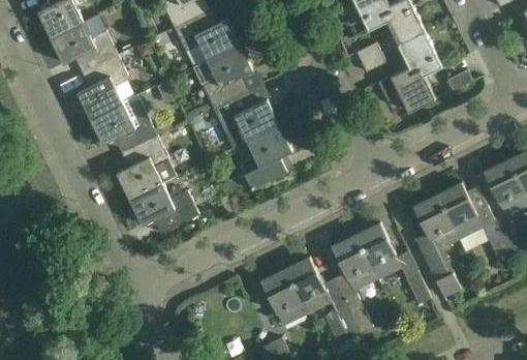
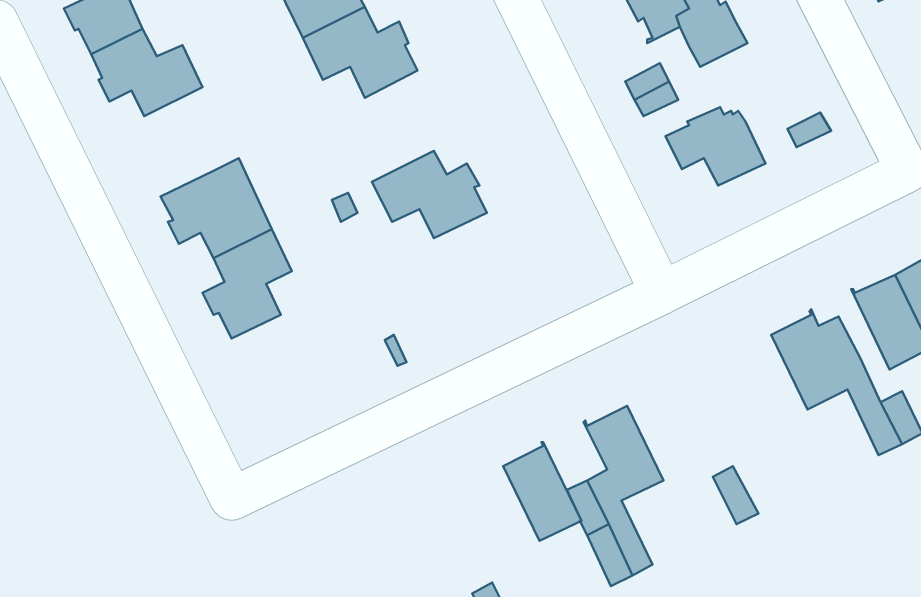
building: [398,30,441,74] -> none
building: [192,46,252,109] -> none
building: [76,55,128,117] -> none
building: [240,126,292,187] -> none
building: [132,184,197,233] -> none
building: [413,196,460,296] -> none
building: [357,221,401,278] -> none
building: [260,270,307,325] -> none

